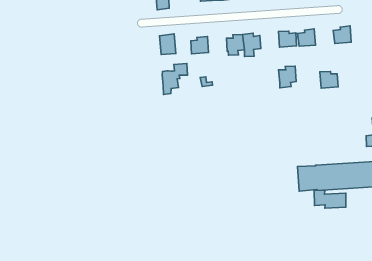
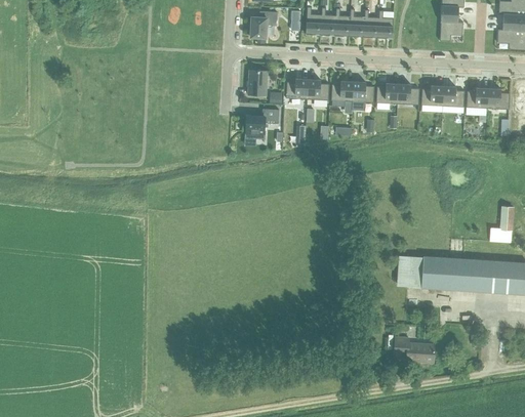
building: none -> [487,88,510,110]
building: none -> [308,79,329,100]
building: [278,66,296,88] -> [375,83,398,109]
building: [320,71,338,88] -> [442,86,465,108]
building: [314,190,346,208] -> [394,337,435,363]

